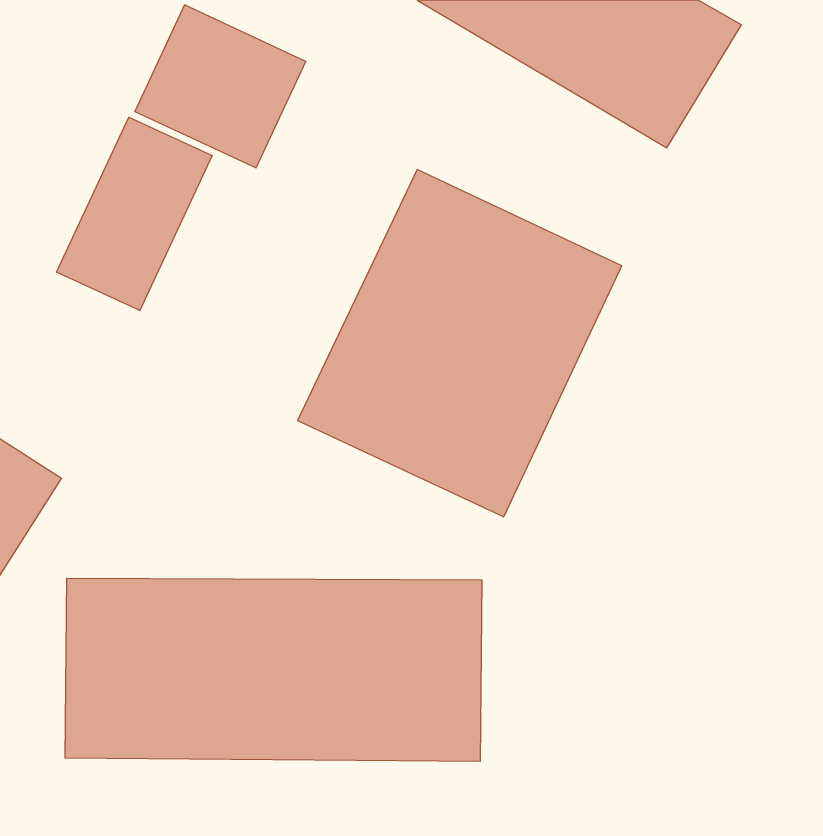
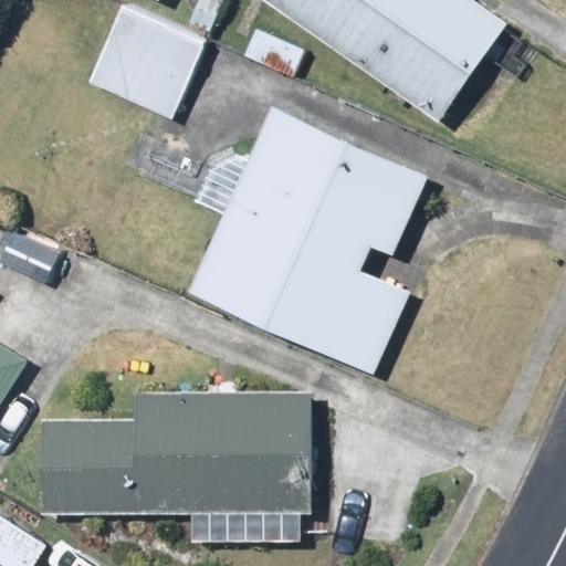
building: [57,117,212,311] -> none

